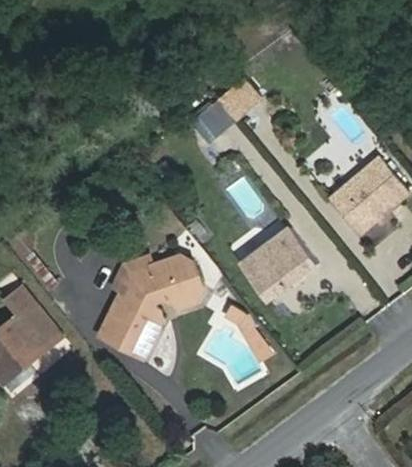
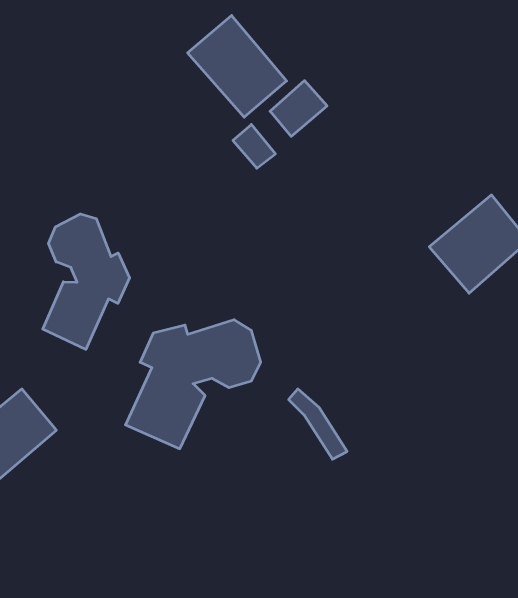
building: none -> [188,15,287,117]
building: none -> [43,214,130,349]
building: [233,228,313,306] -> none

